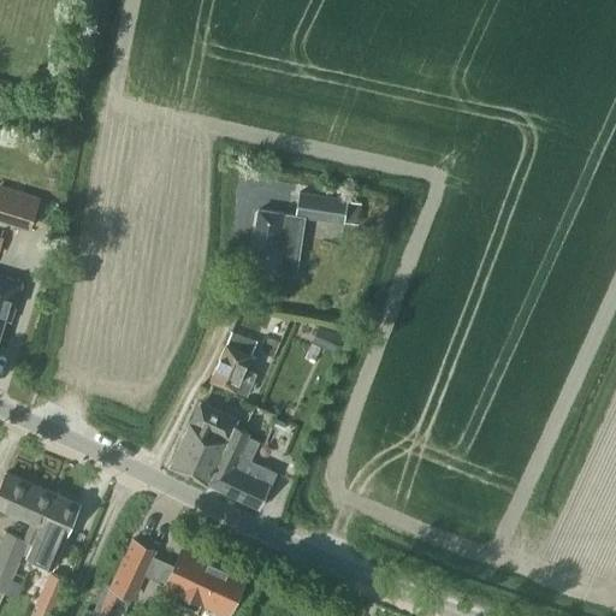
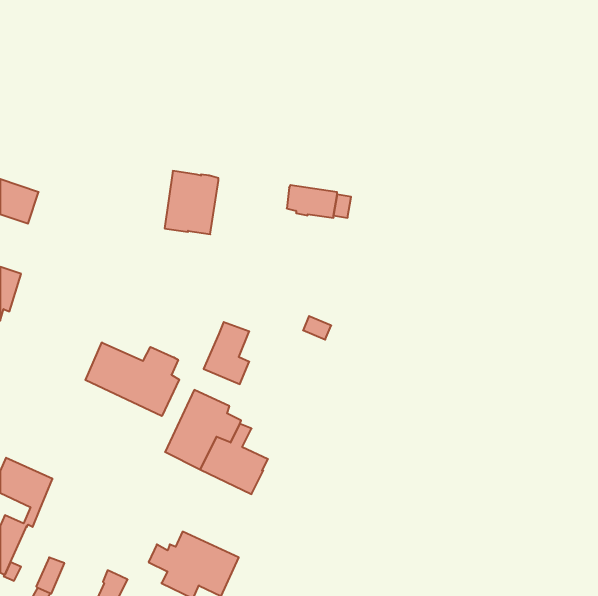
building: [249,212,304,277] -> [165,171,218,234]
building: none -> [85,342,179,416]
building: [24,494,79,565] -> none
building: [111,543,153,598] -> none

